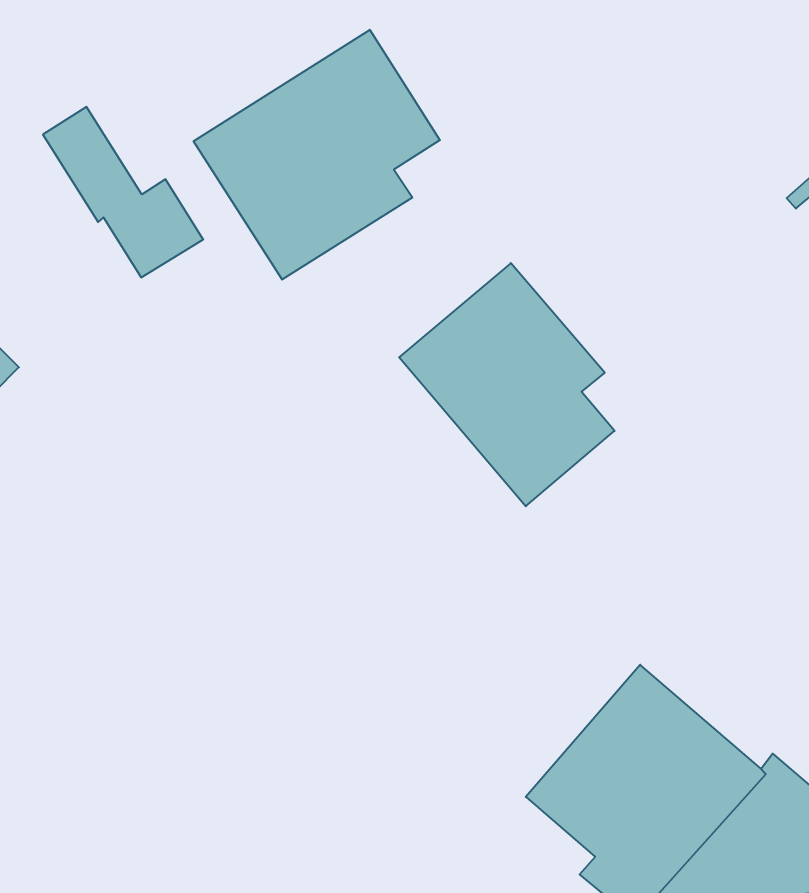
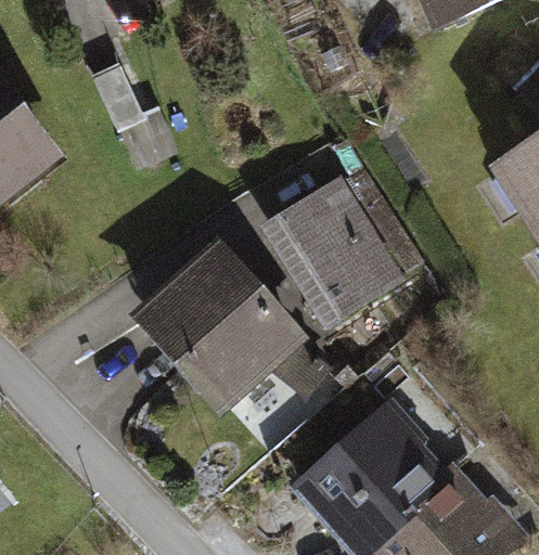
building: [194,30,440,280] -> none
building: none -> [149,251,293,397]

